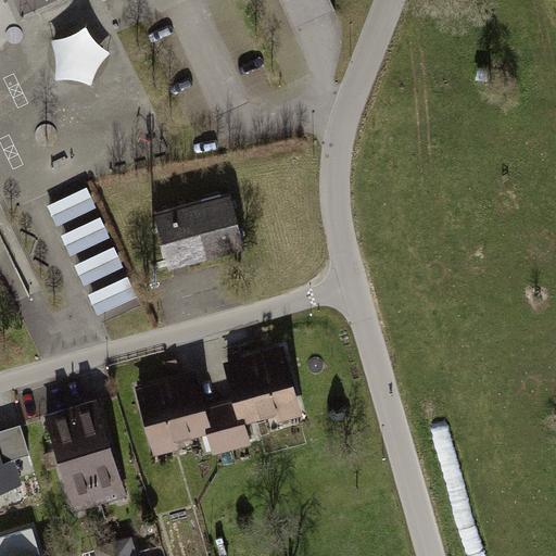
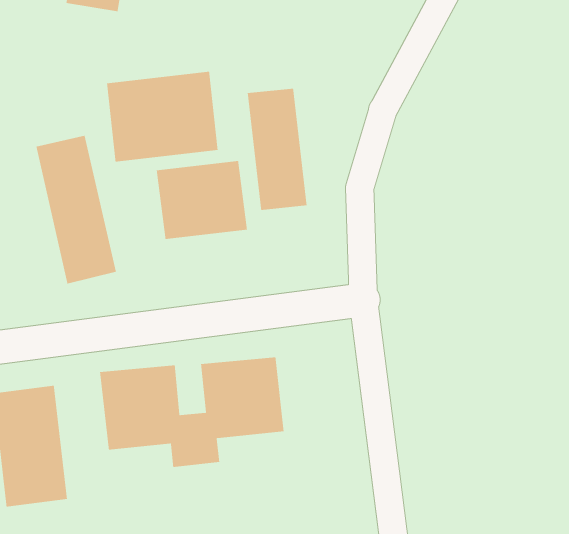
building: none -> [106,71,218,163]
building: none -> [247,88,307,211]

